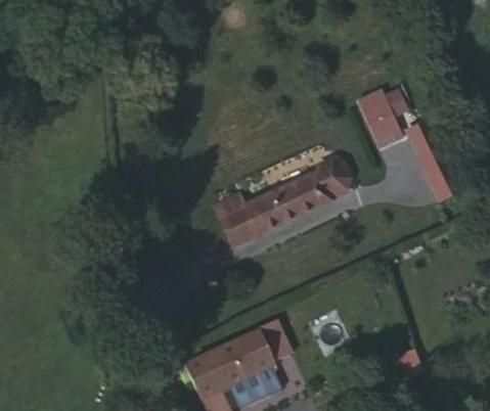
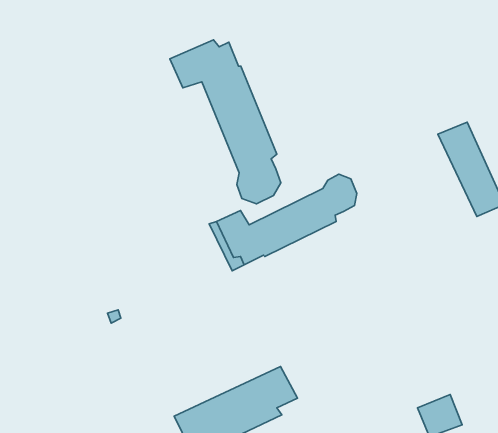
building: none -> [170,40,281,204]
building: [360,88,407,145] -> none

